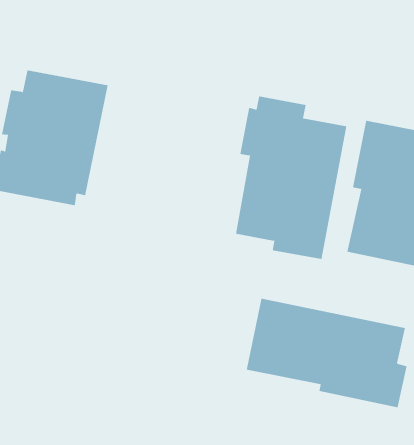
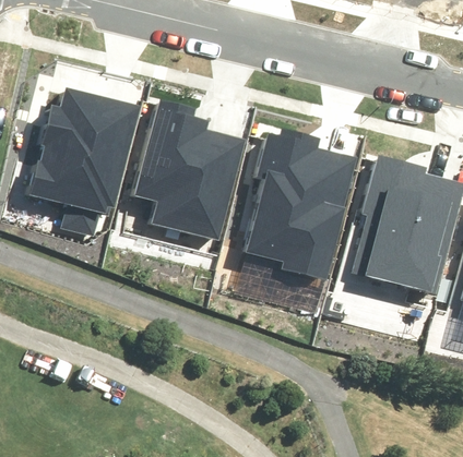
building: none -> [132,100,248,243]
building: [246,298,407,408] -> none

